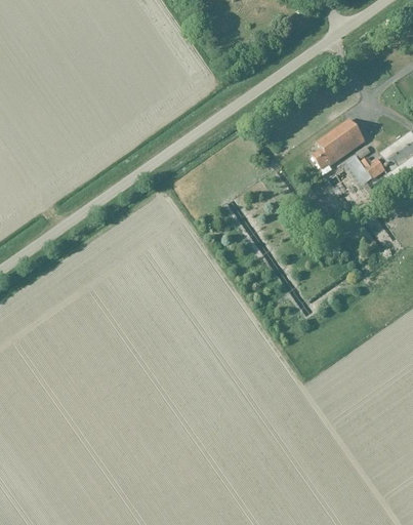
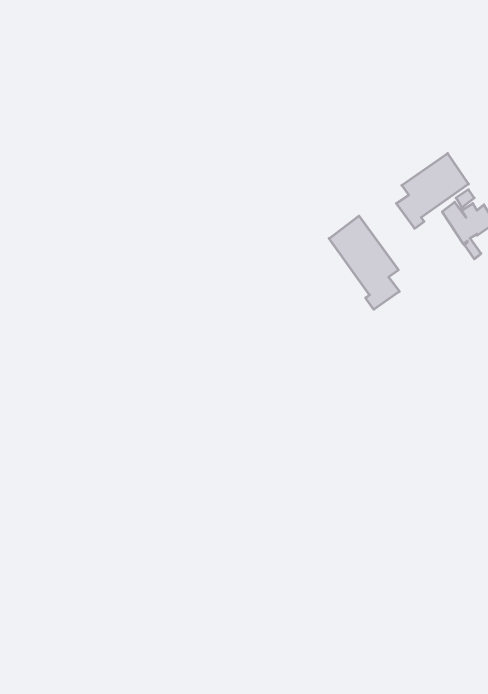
building: none -> [329,216,399,309]

